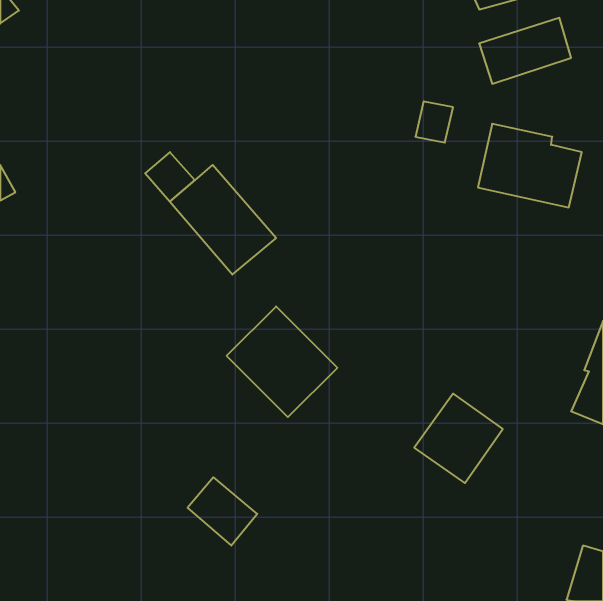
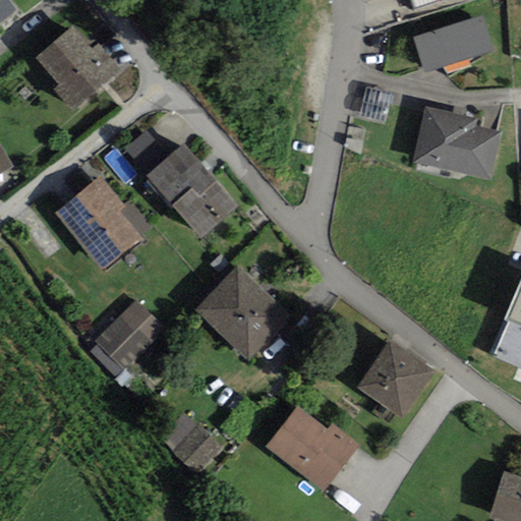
building: none -> [36,26,119,110]
building: none -> [55,175,142,271]
building: none -> [94,296,167,369]
building: none -> [266,405,359,490]

